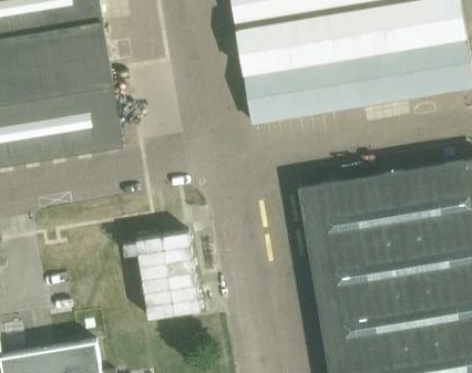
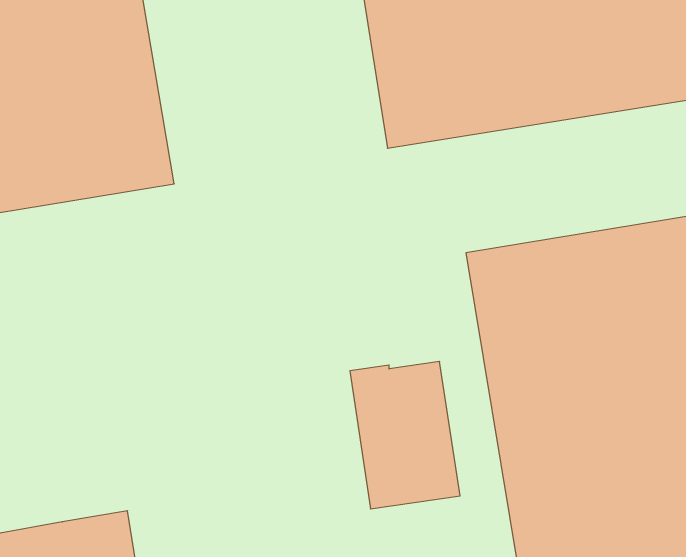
building: [137,229,203,317] -> [350,361,460,509]

